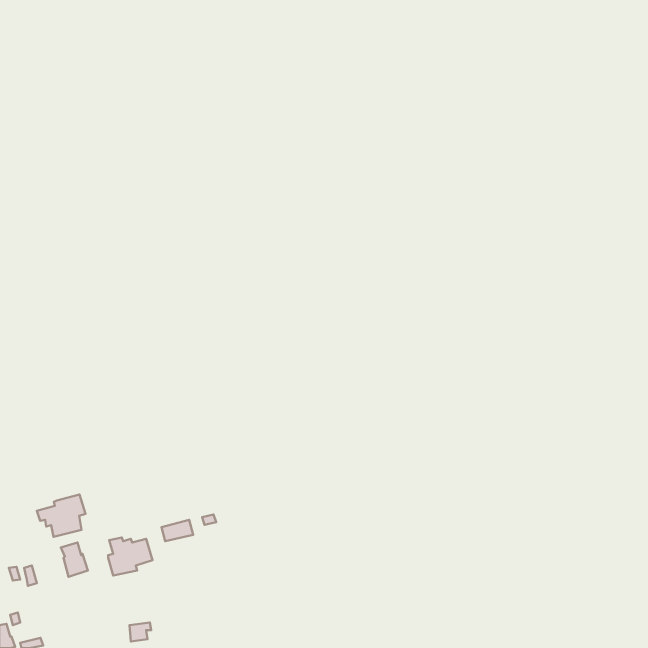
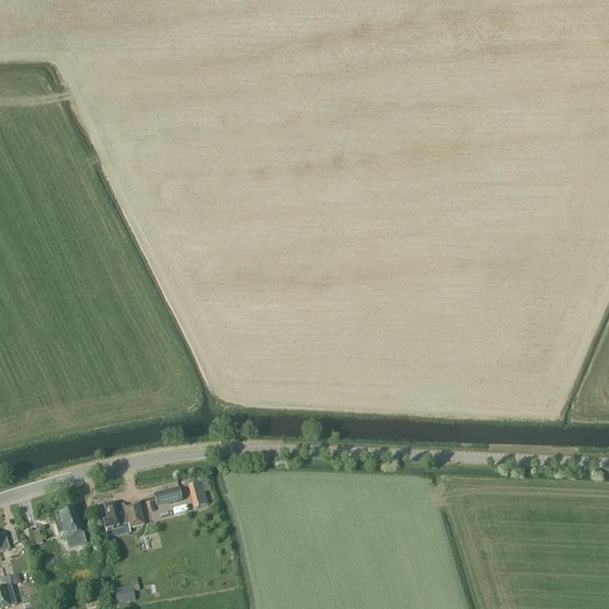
building: [37,494,86,537] -> none

